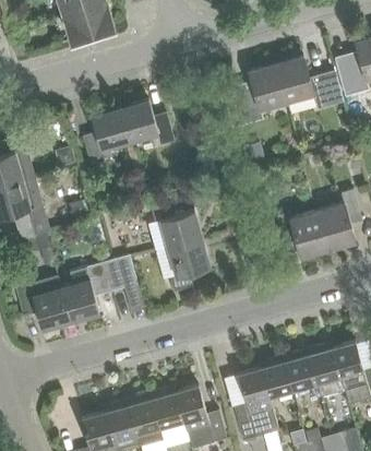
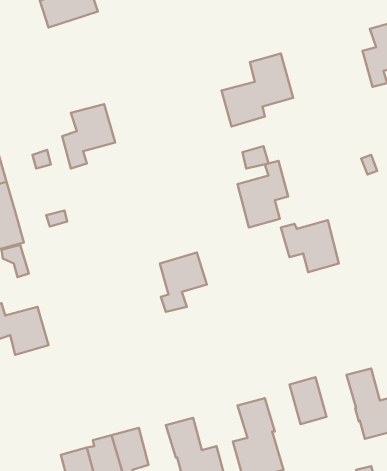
building: [275,57,343,110] -> none
building: [119,100,173,146] -> none
building: [316,191,361,250] -> [238,161,288,227]
building: [149,204,201,250] -> none
building: [60,257,136,322] -> none
building: [306,346,349,405] -> none
building: [261,357,292,399] -> none
building: [149,390,182,428] -> none

